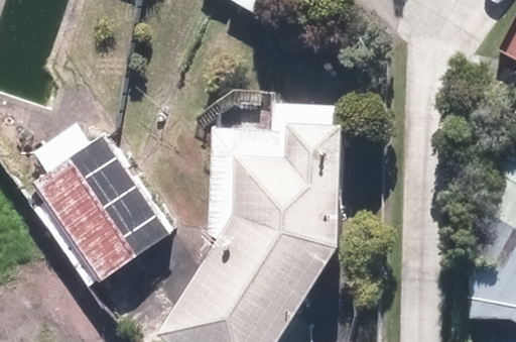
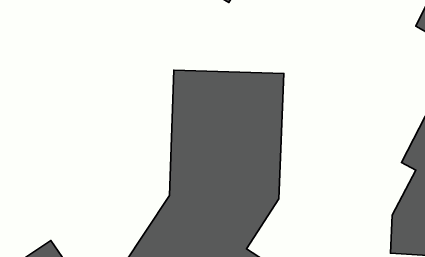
building: [33,123,171,282] -> none

